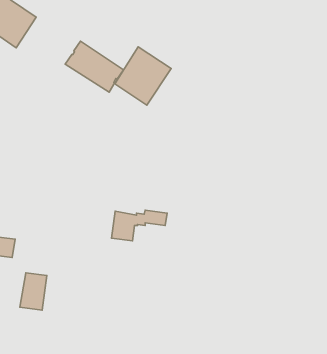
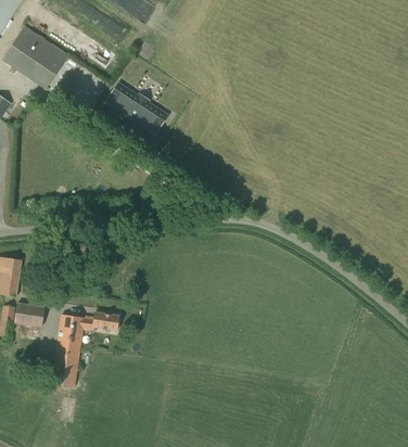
building: [115,47,171,105] -> none
building: [111,210,167,241] -> [56,311,119,346]

